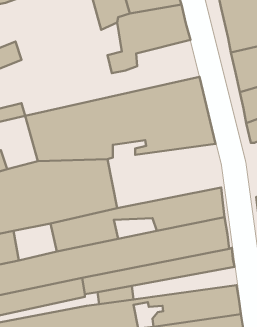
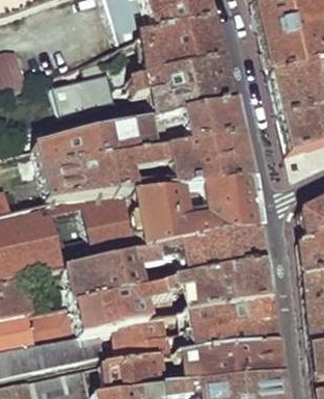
building: none -> [151,55,236,115]
building: none -> [55,77,118,110]
building: none -> [130,175,261,248]
building: none -> [179,316,278,350]

